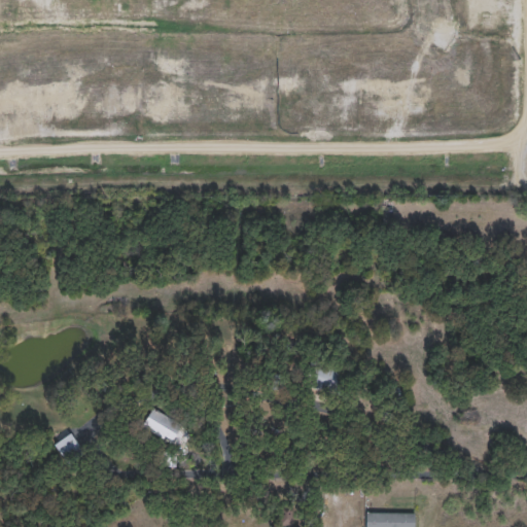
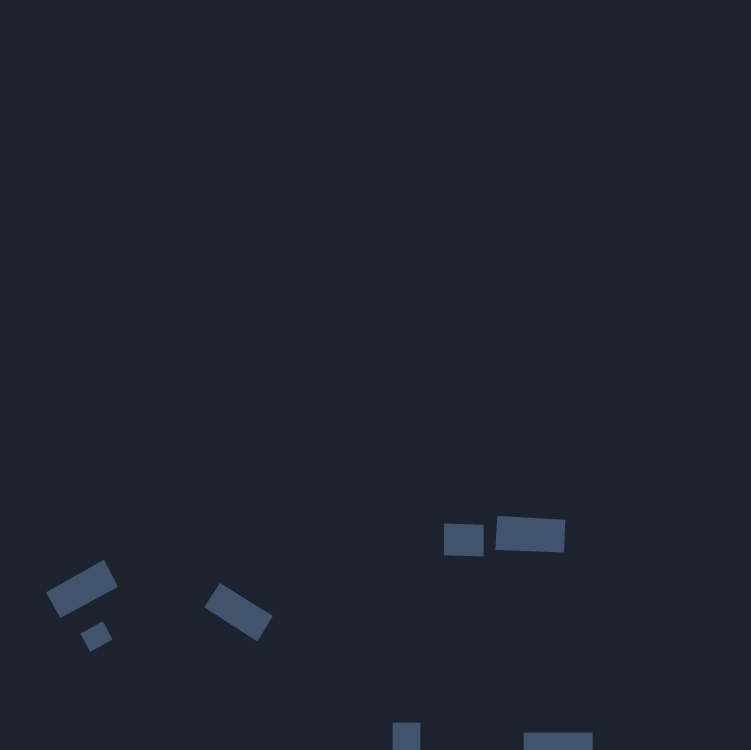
building: none -> [495,515,566,553]
building: none -> [45,559,119,619]

